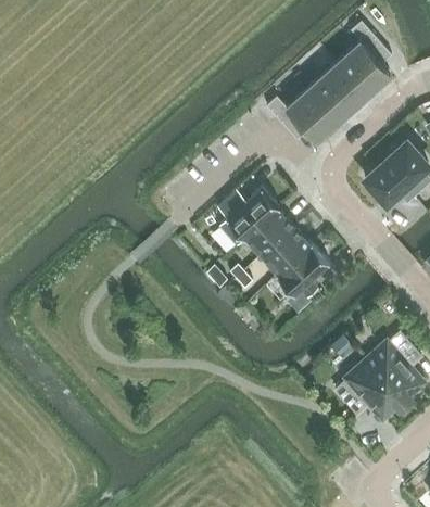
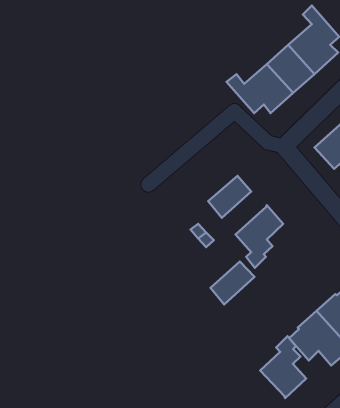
building: [220,188,281,246] -> none
building: [262,228,311,276] -> [210,261,254,304]
building: none -> [260,336,306,398]

